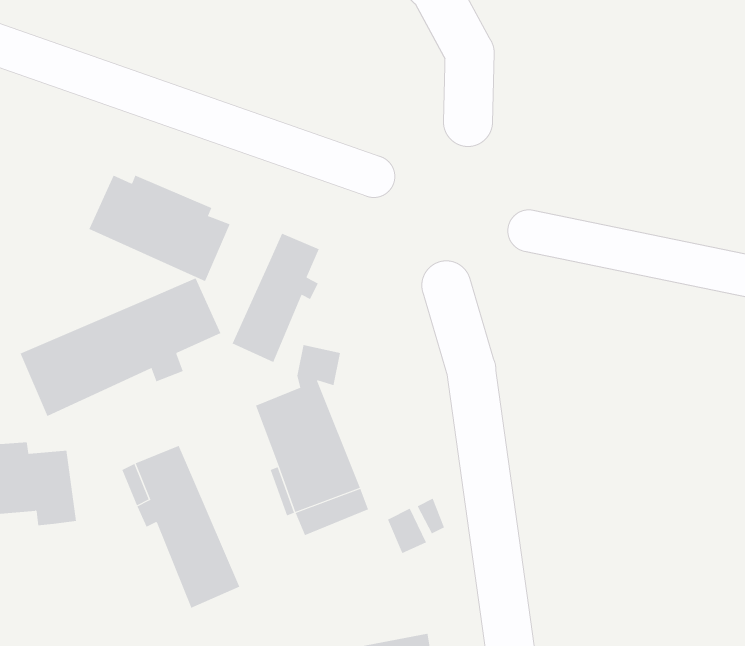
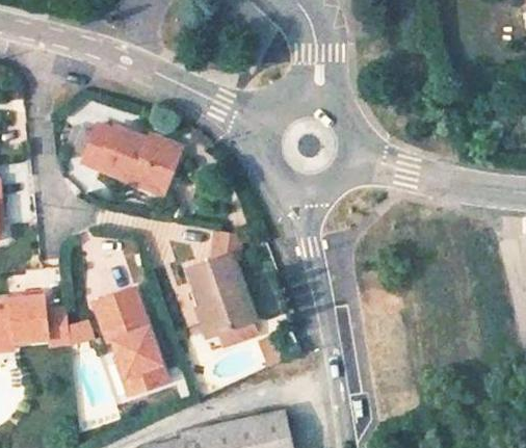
building: [232,233,320,363] -> none
building: [20,277,221,417] -> none

